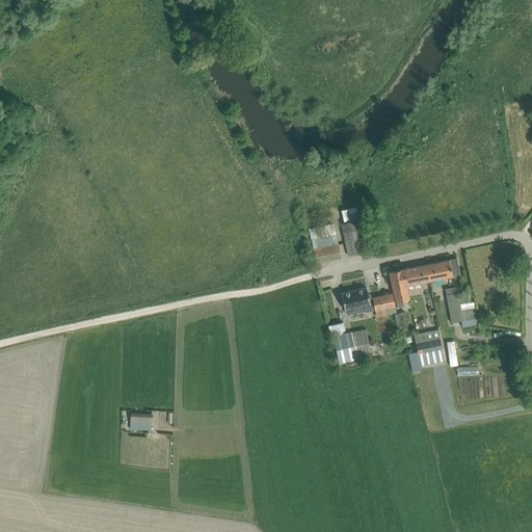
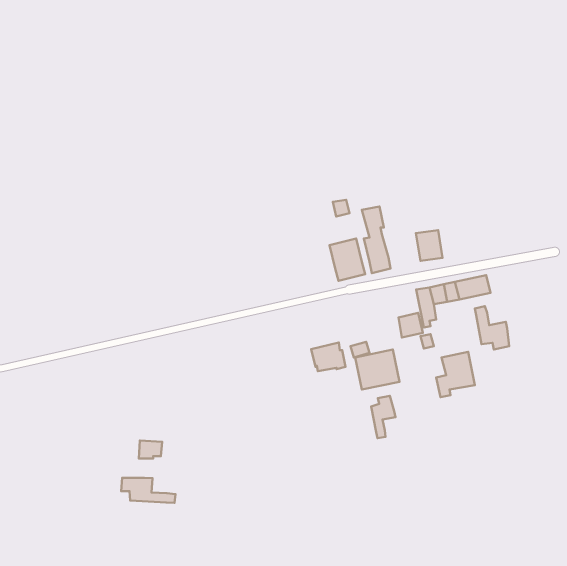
building: none -> [416,230,443,261]
building: [341,288,373,315] -> [311,342,346,371]
building: none -> [371,396,395,438]
building: none -> [121,478,175,503]

